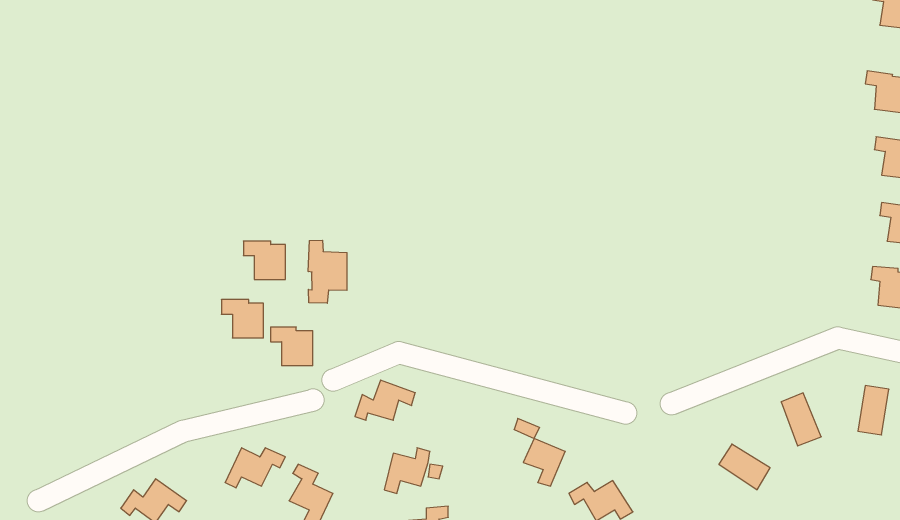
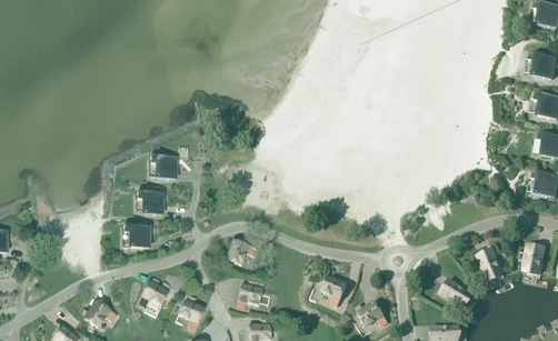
building: [308,240,347,303] -> none
building: [271,327,313,366] -> [123,224,149,248]

